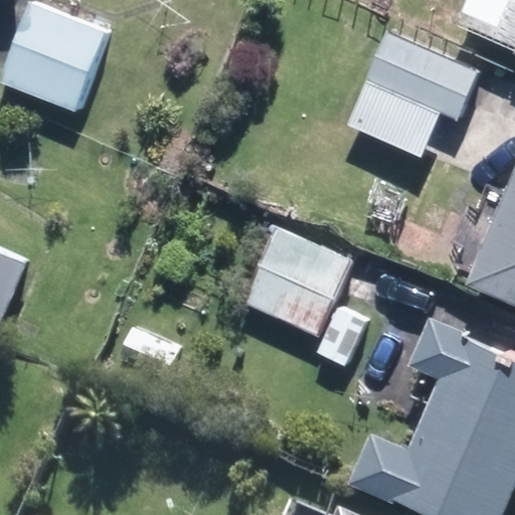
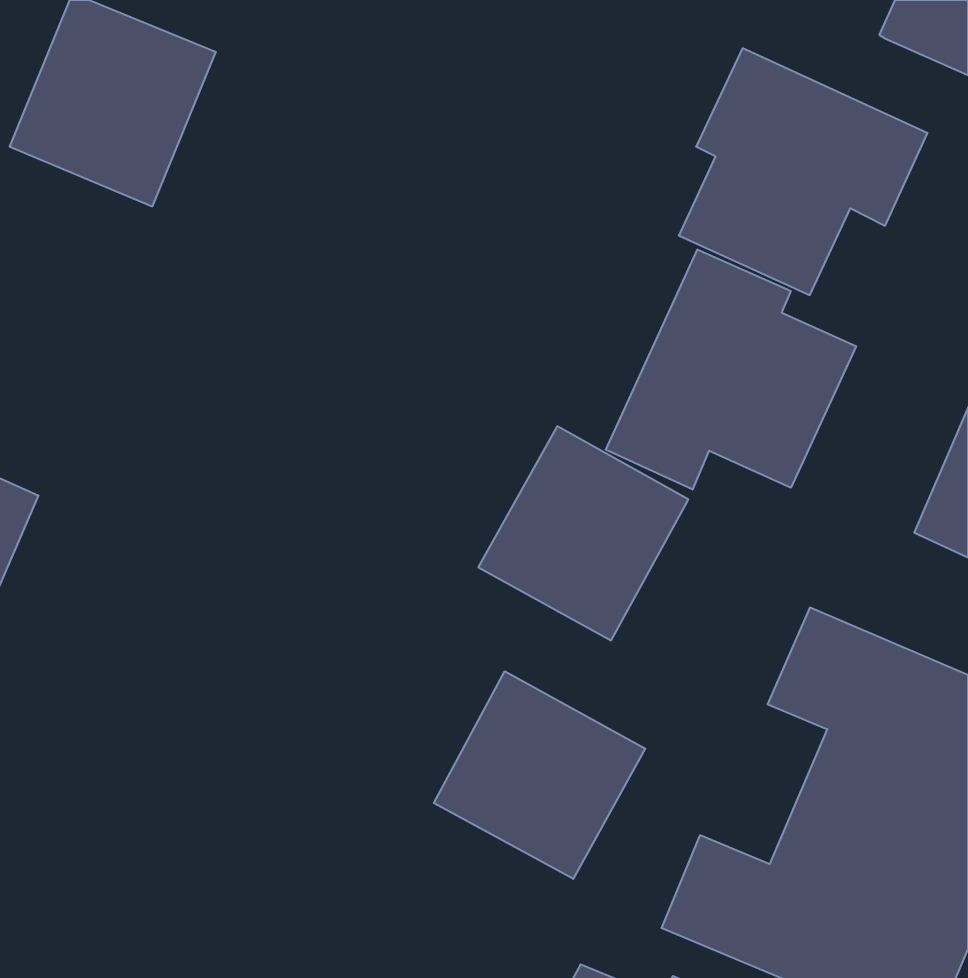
building: none -> [606,249,856,490]
building: none -> [434,671,645,879]

